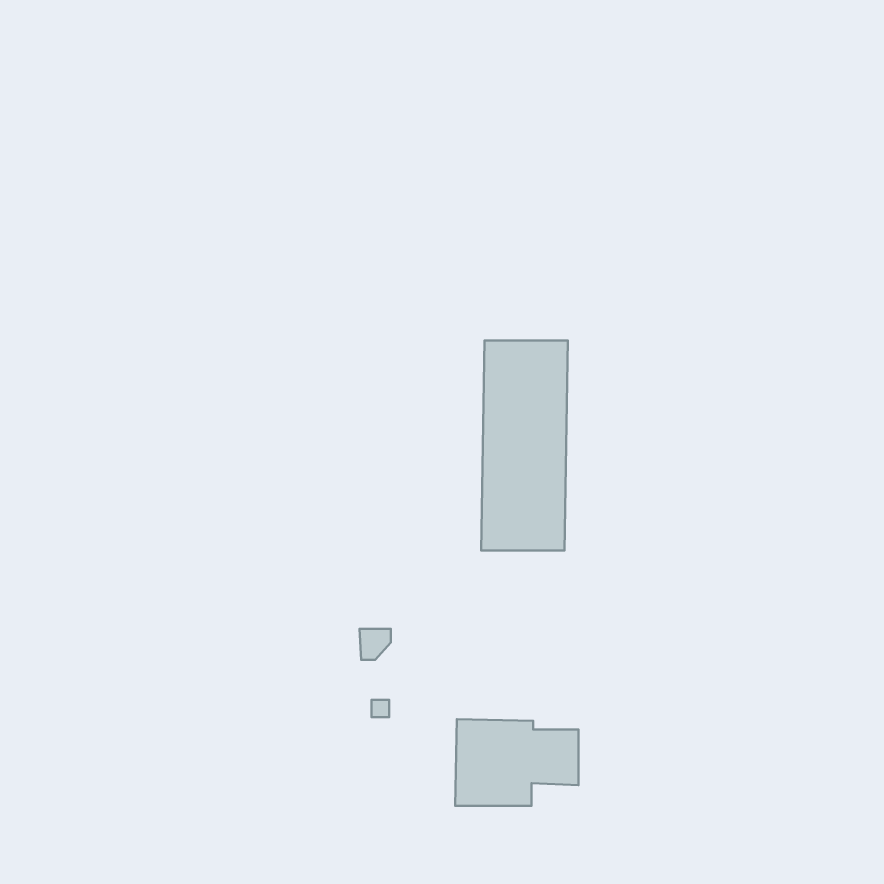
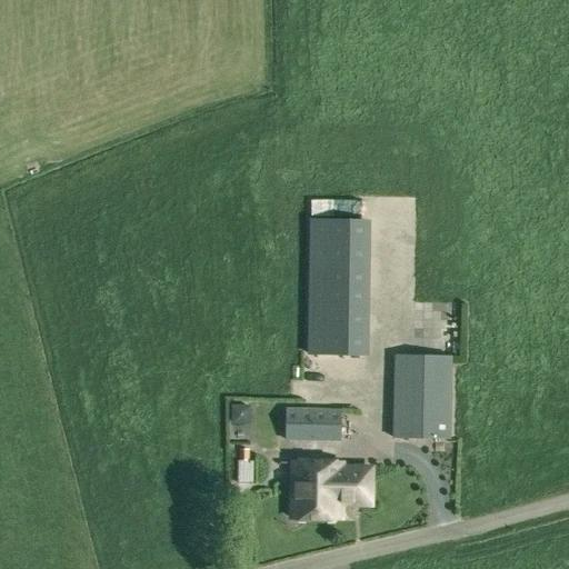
building: none -> [396,353,453,437]
building: none -> [287,406,342,440]

